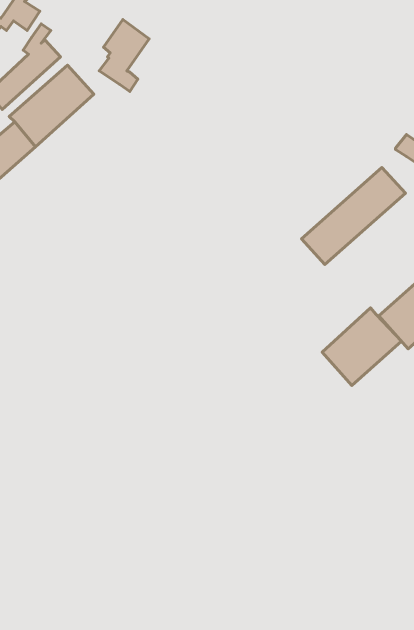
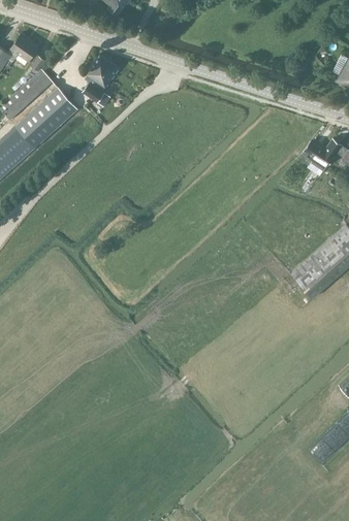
building: [301,167,405,265] -> none
building: [322,308,401,385] -> none

